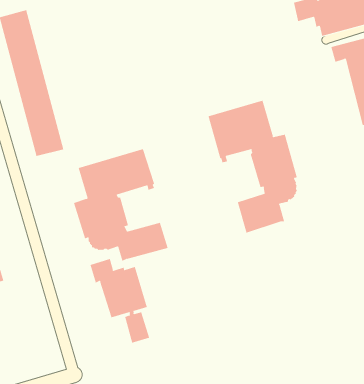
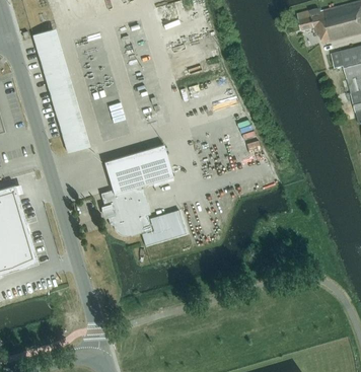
building: [208,100,298,233] -> none
building: [90,258,150,344] -> none

